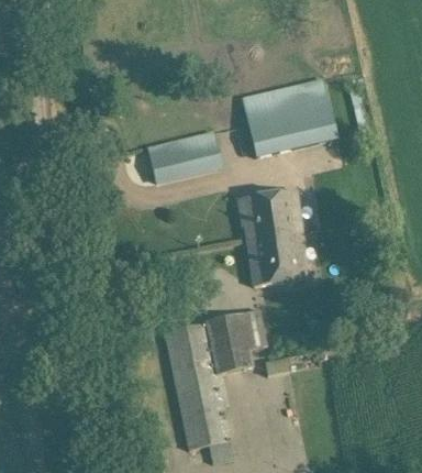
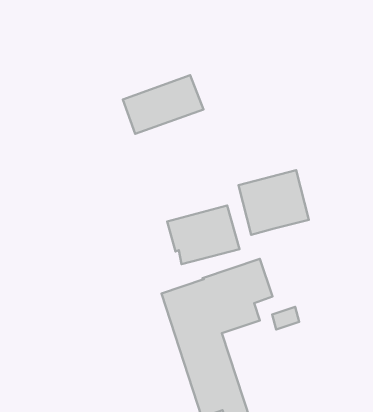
building: [241,79,336,156] -> none
building: [237,188,301,238] -> [167,205,239,264]

